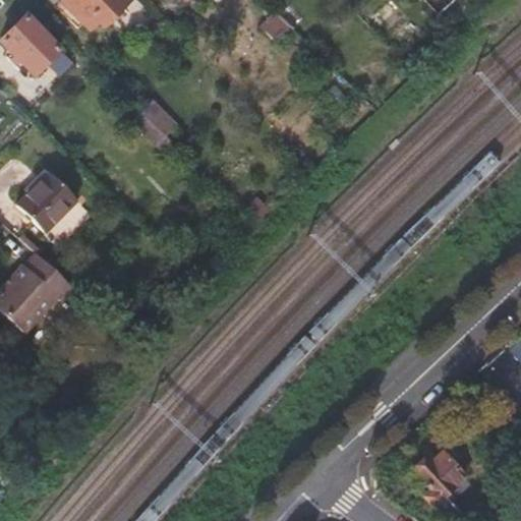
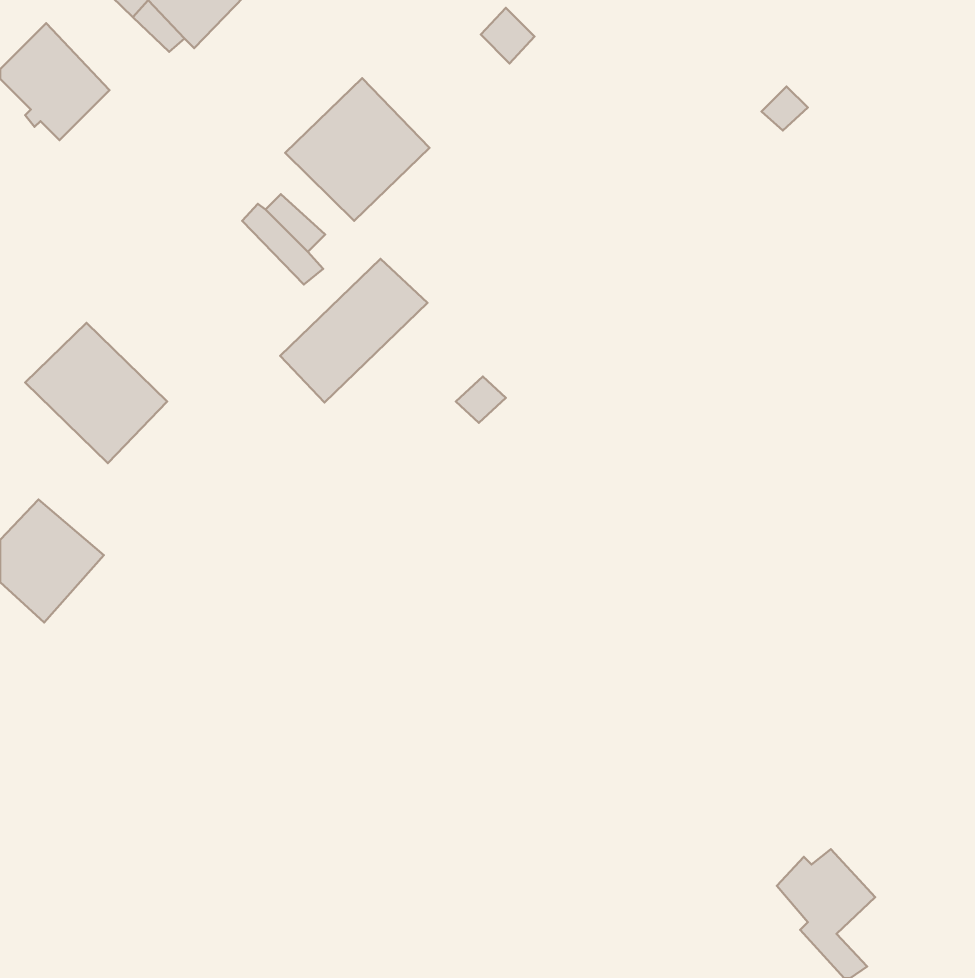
building: none -> [285,78,430,221]
building: none -> [280,259,427,402]

